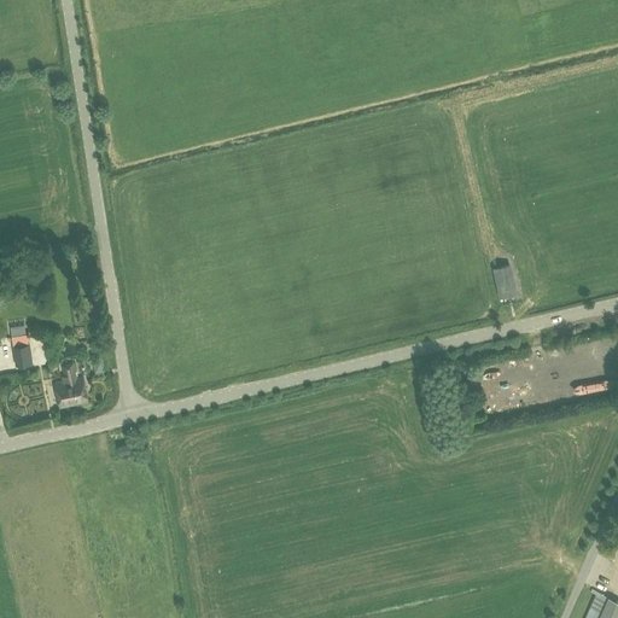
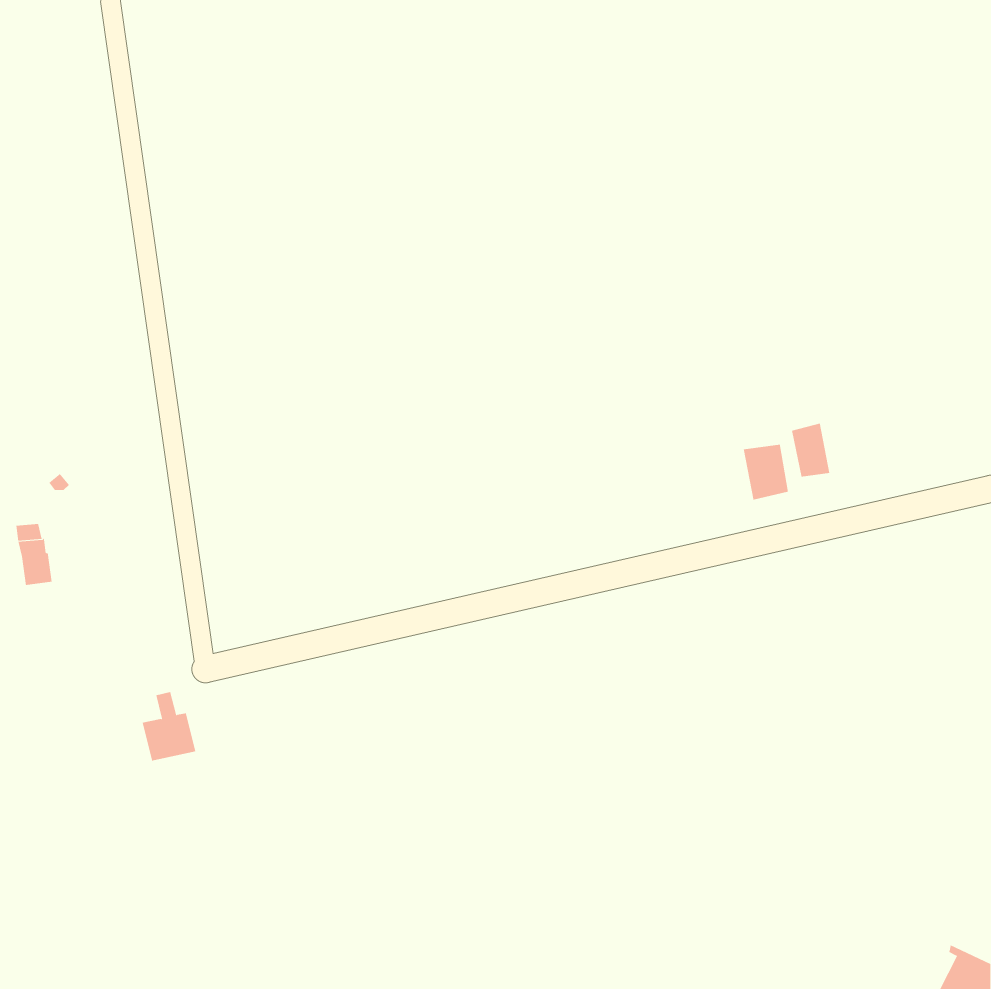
building: none -> [743,444,788,501]
building: [54,365,88,408] -> [142,691,196,761]

